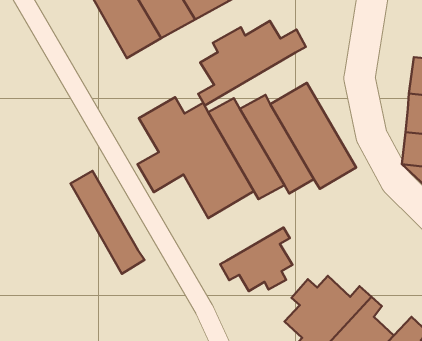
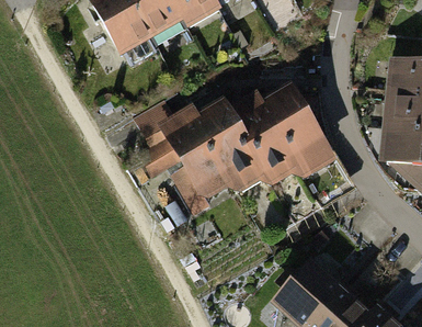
building: [198,21,306,106] -> none
building: [70,171,144,274] -> none
building: [220,227,292,291] -> none

